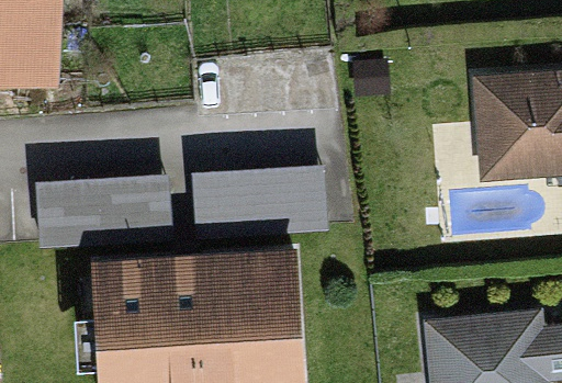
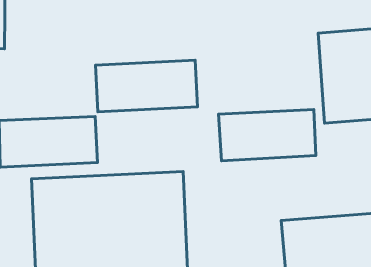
building: none -> [218,109,316,161]
building: [189,170,326,239] -> [95,60,198,112]

